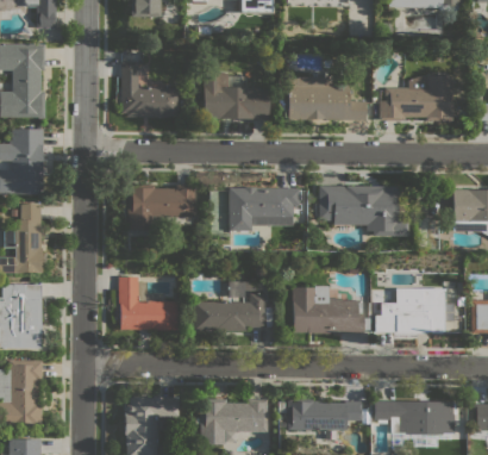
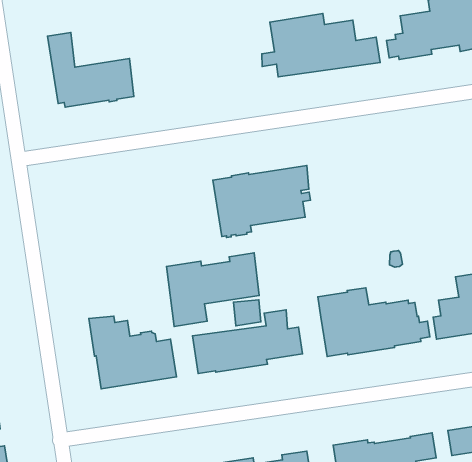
building: [204,71,270,118] -> none
building: [127,183,195,229] -> [166,253,259,326]
building: [319,185,407,235] -> none

